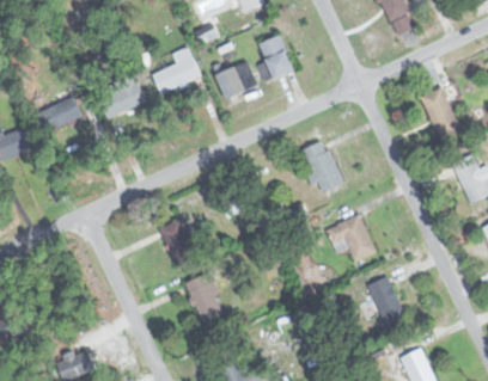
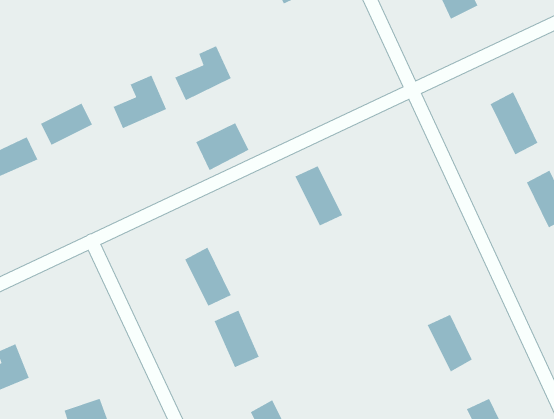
building: [258,35,293,78] -> none
building: [214,59,261,100] -> [195,122,250,171]
building: [301,140,343,192] -> [294,165,343,227]
building: [324,213,376,262] -> none

